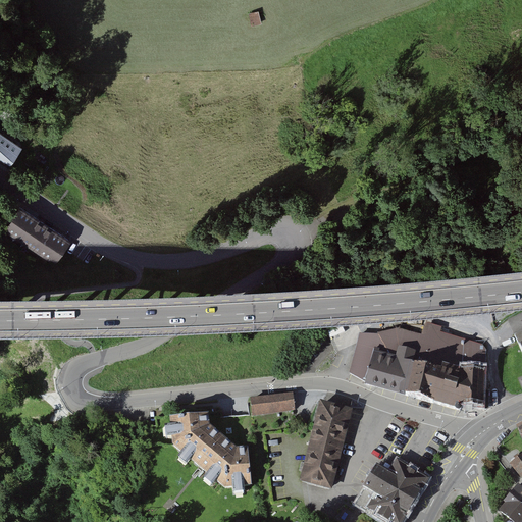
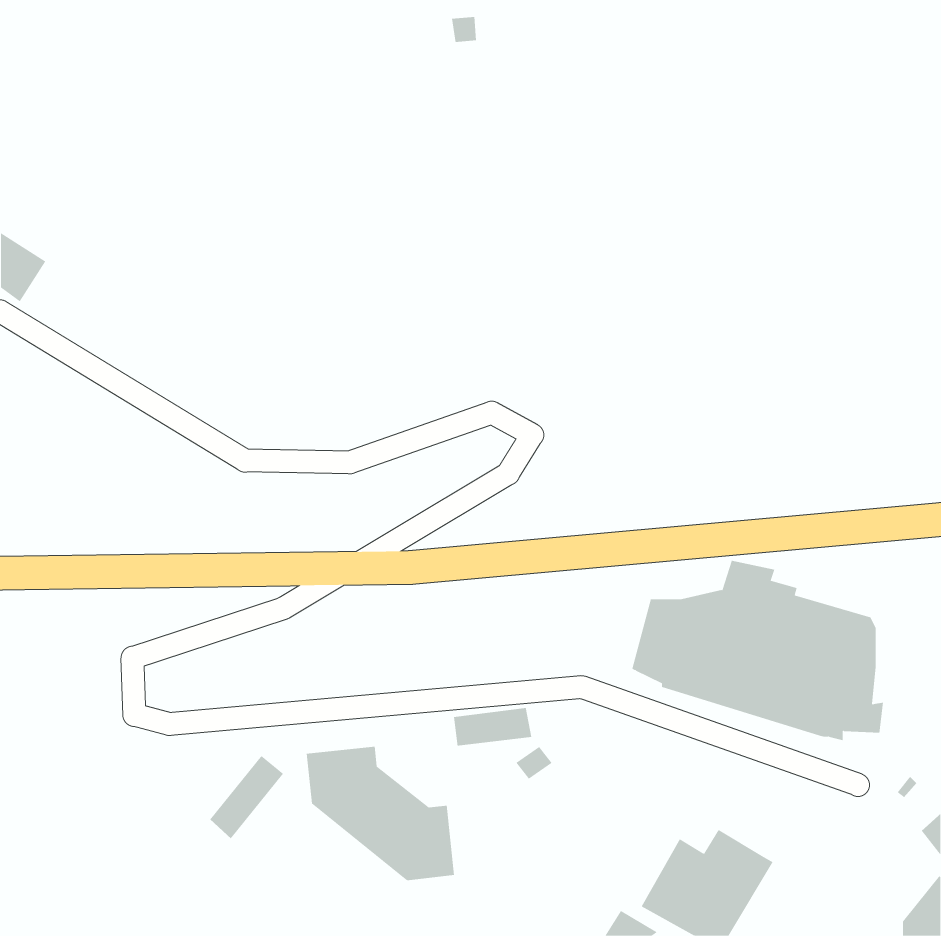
building: [5,205,71,262] -> none
building: [301,401,353,487] -> none
building: none -> [210,755,284,839]

